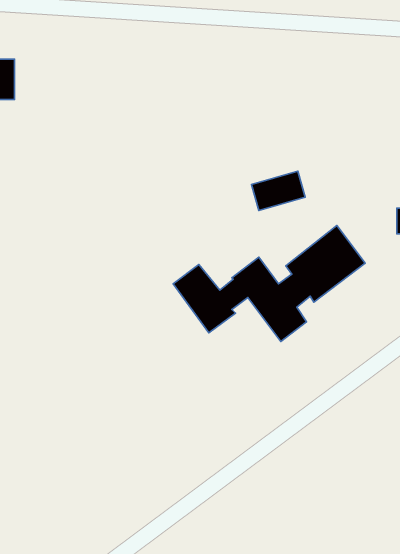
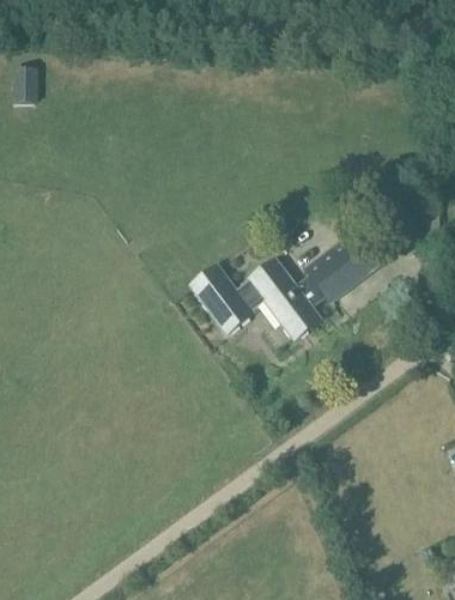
building: [251,171,305,210] -> none

